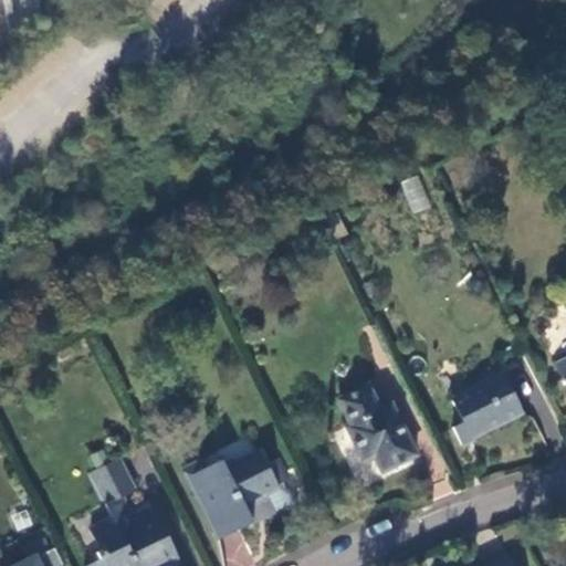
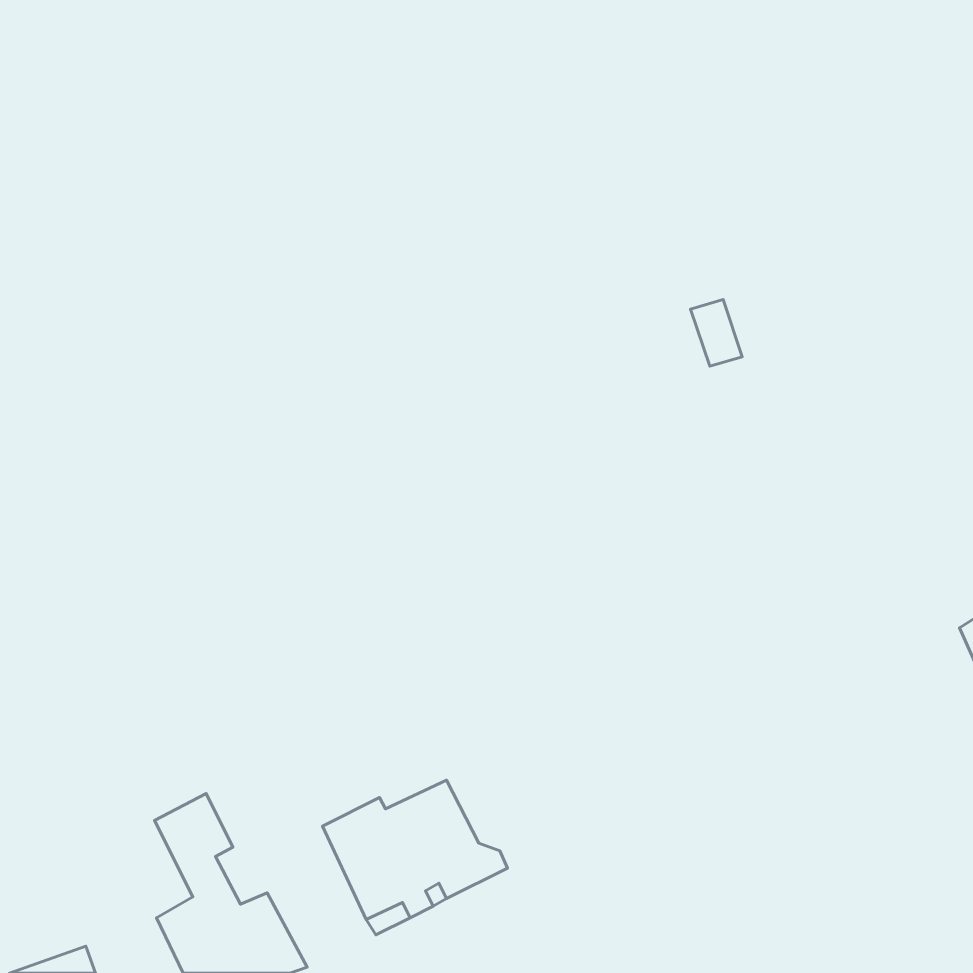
building: [452,374,524,448] -> none
building: [338,387,417,472] -> none

